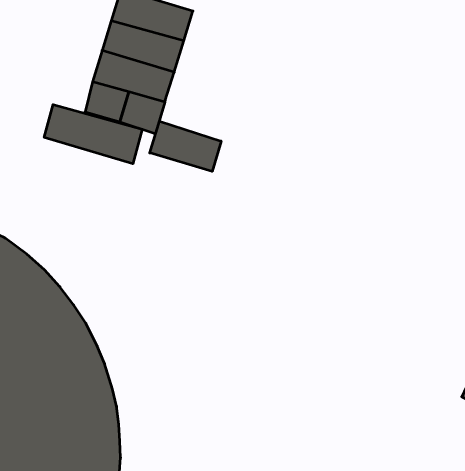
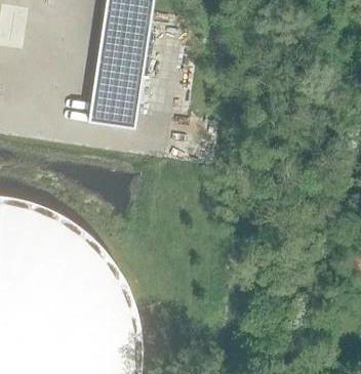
building: [44,105,142,164] -> none
building: [150,121,221,171] -> none

